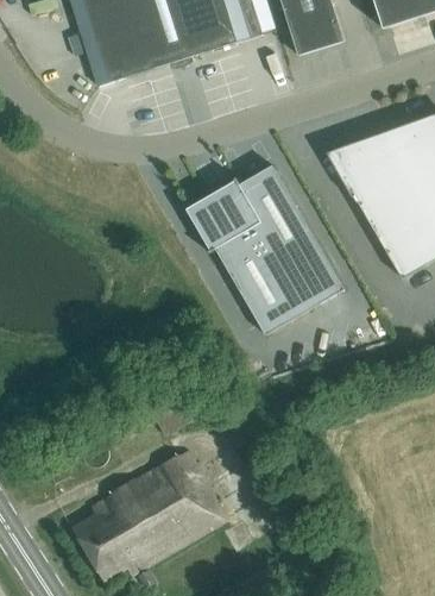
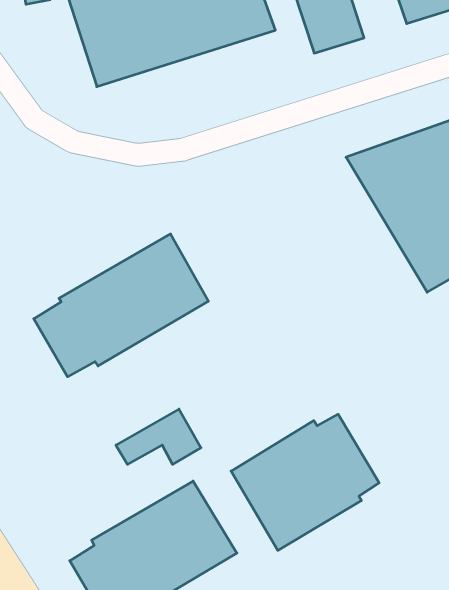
building: [185,165,342,334] -> none
building: none -> [34,234,208,377]
building: none -> [231,414,379,550]

